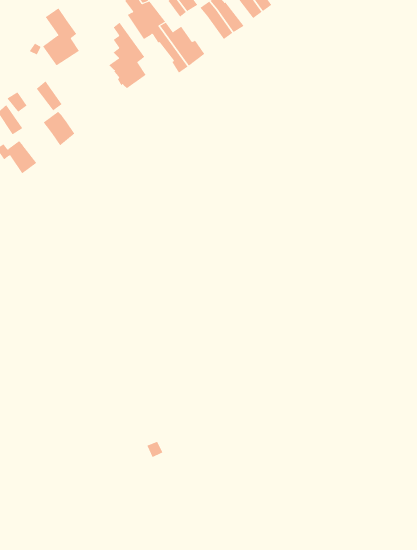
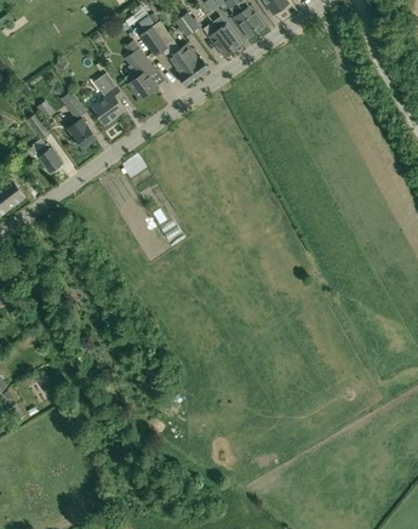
building: [42,7,80,66] -> [92,74,125,125]

